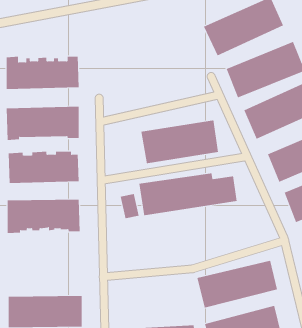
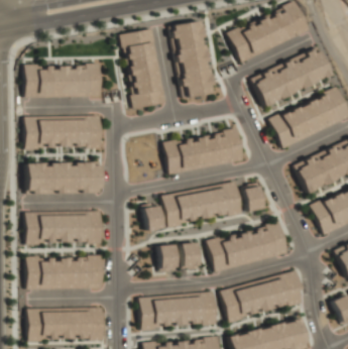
building: none -> [171,20,214,99]
building: none -> [121,27,167,109]
building: none -> [207,223,288,272]
building: none -> [181,241,199,269]
building: none -> [158,242,177,272]
building: none -> [27,253,103,288]
building: none -> [139,294,216,329]

